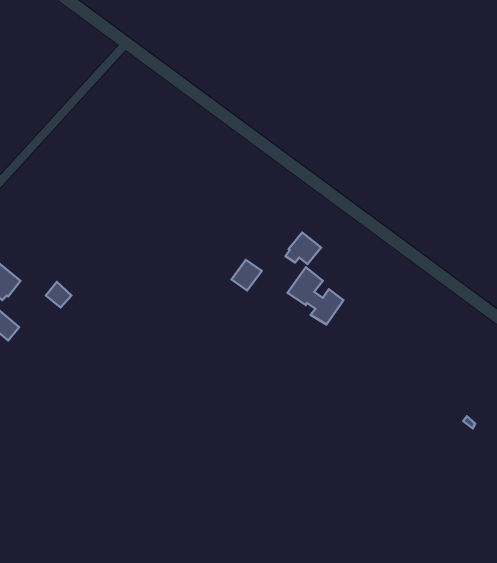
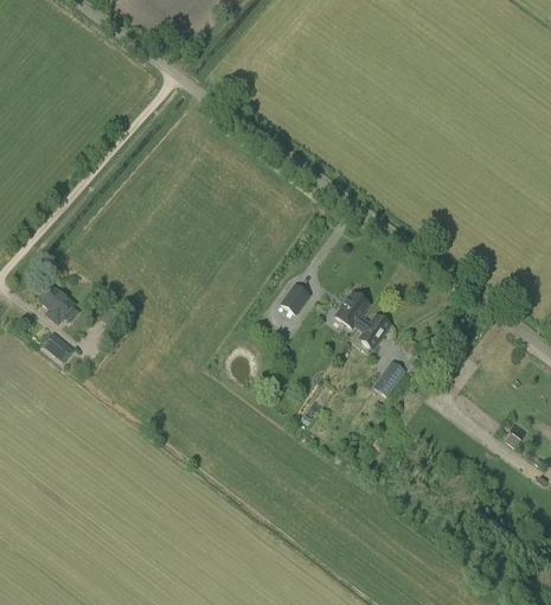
building: [286,232,321,264] -> none
building: none -> [373,361,405,395]

